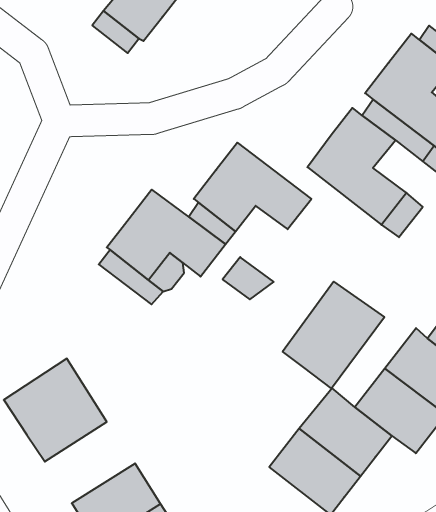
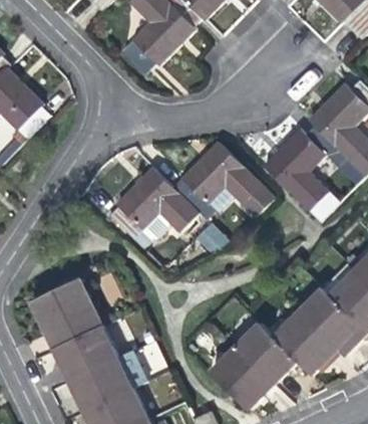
building: [283,282,384,389] -> none
building: none -> [56,324,118,377]

